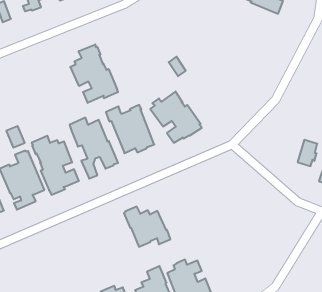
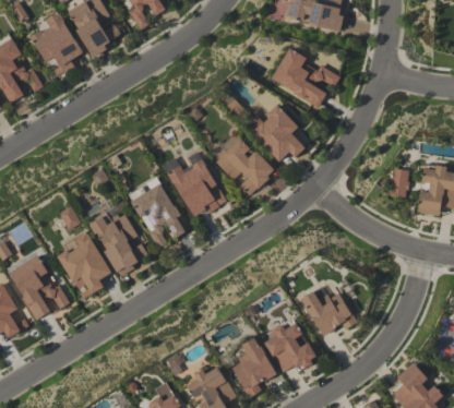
building: none -> [272,47,339,108]
building: [70,44,118,103] -> none
building: none -> [244,105,306,161]
building: [124,207,170,247] -> [300,291,357,336]

